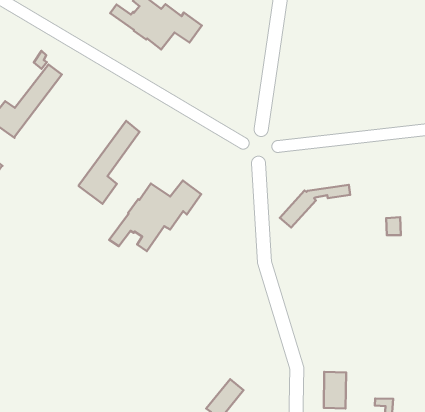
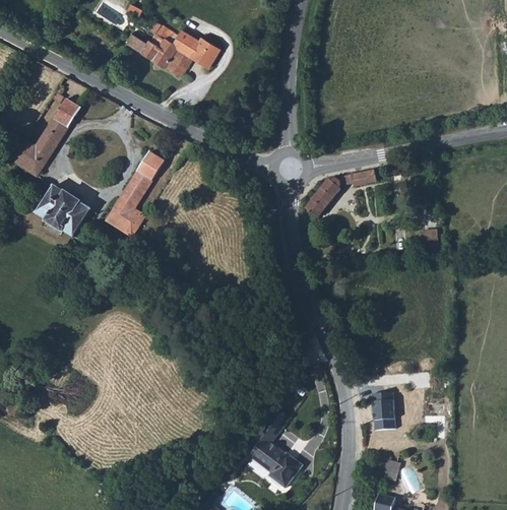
building: none -> [36,185,90,236]
building: [109,181,201,251] -> none
building: [280,185,350,228] -> [305,170,375,217]

